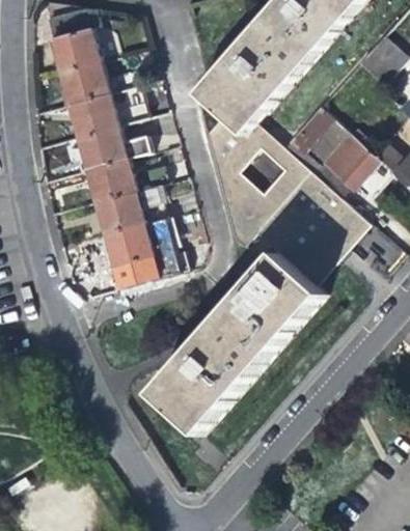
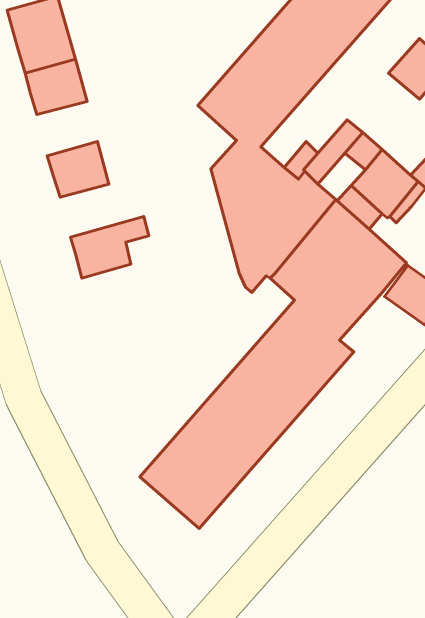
building: [67,90,116,134] -> none
building: [86,157,160,199] -> none
building: [104,216,171,286] -> none

